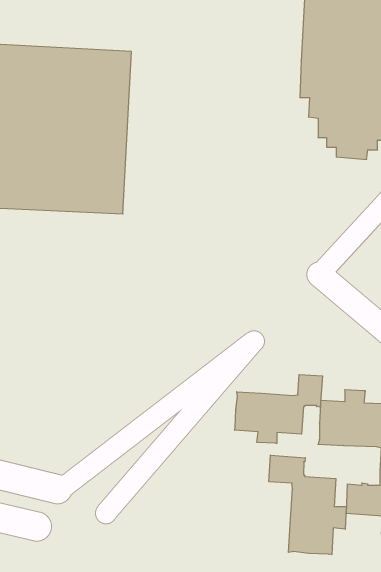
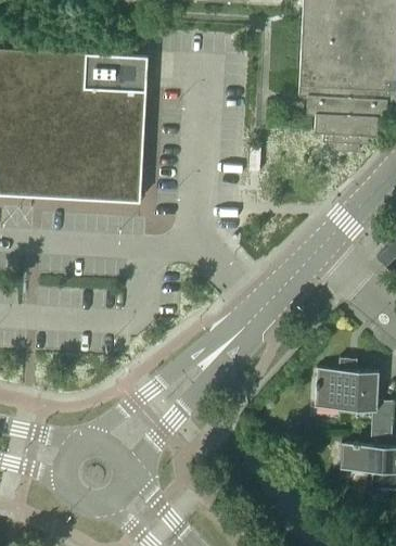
building: [235,375,322,443] -> none
building: [269,455,346,555] -> none

